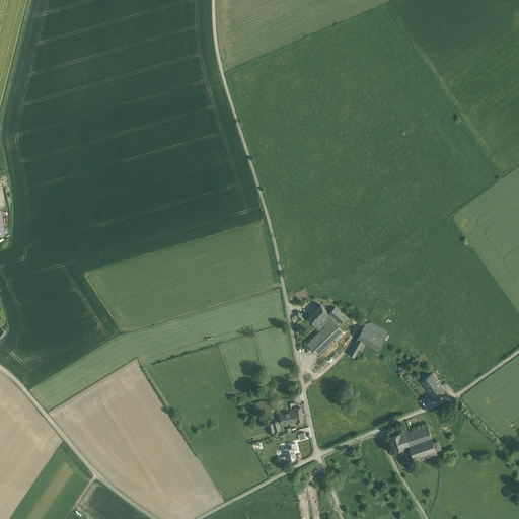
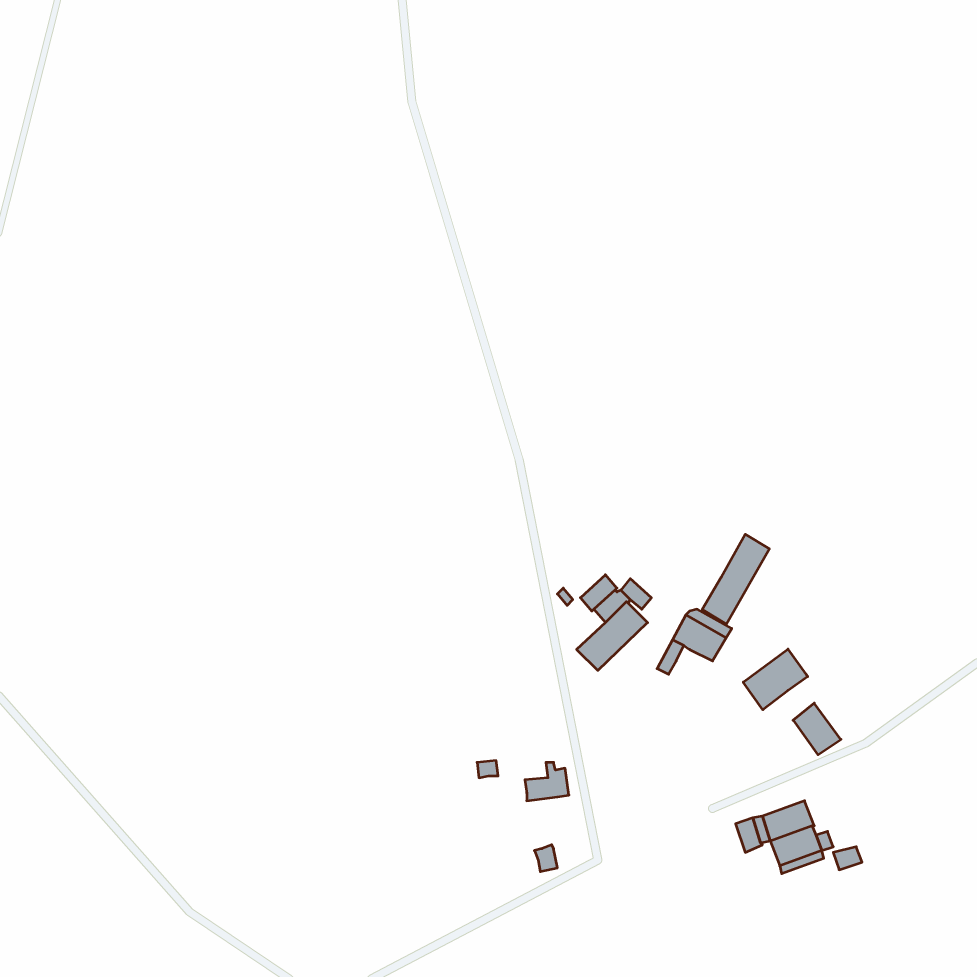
building: none -> [702,534,769,624]
building: none -> [743,649,808,710]

